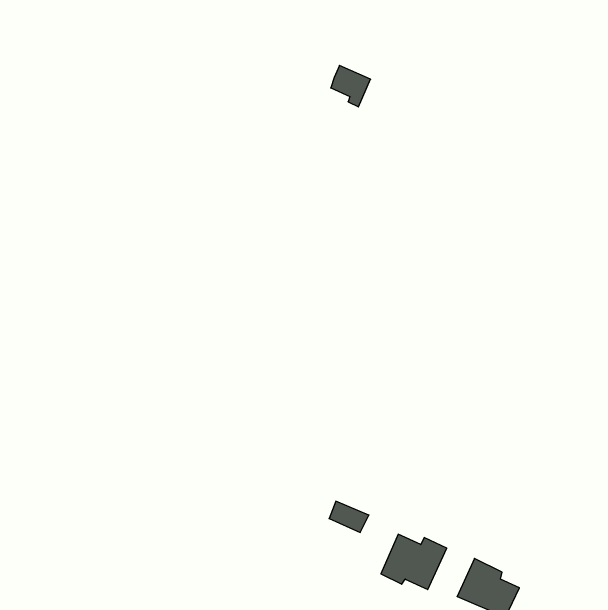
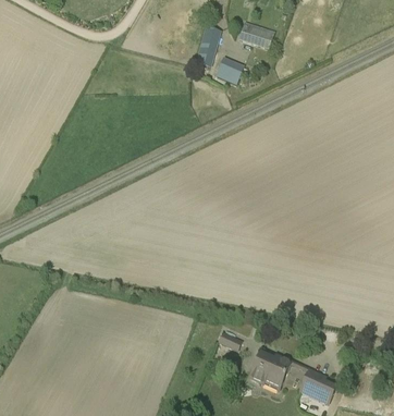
building: none -> [239,23,275,50]
building: none -> [195,28,220,68]

